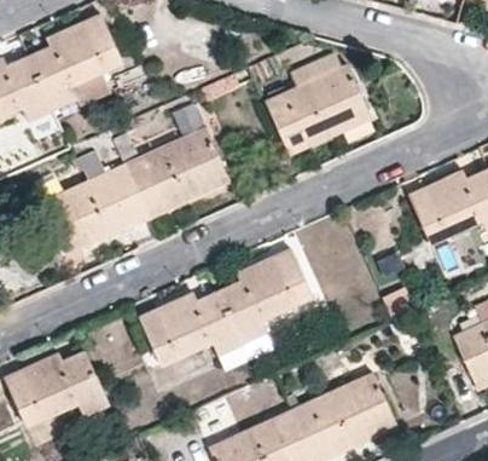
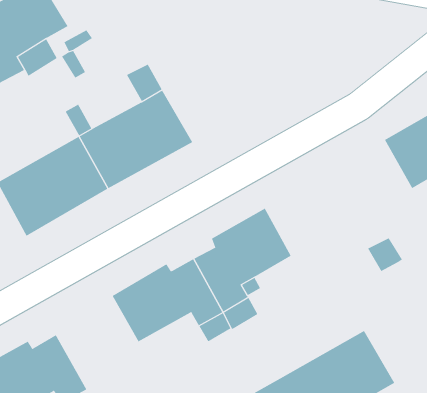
building: [265,65,371,155] -> none

